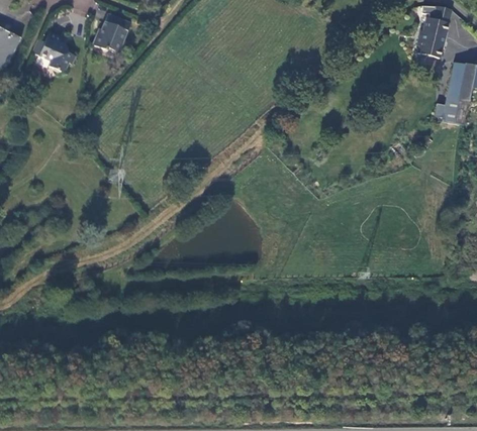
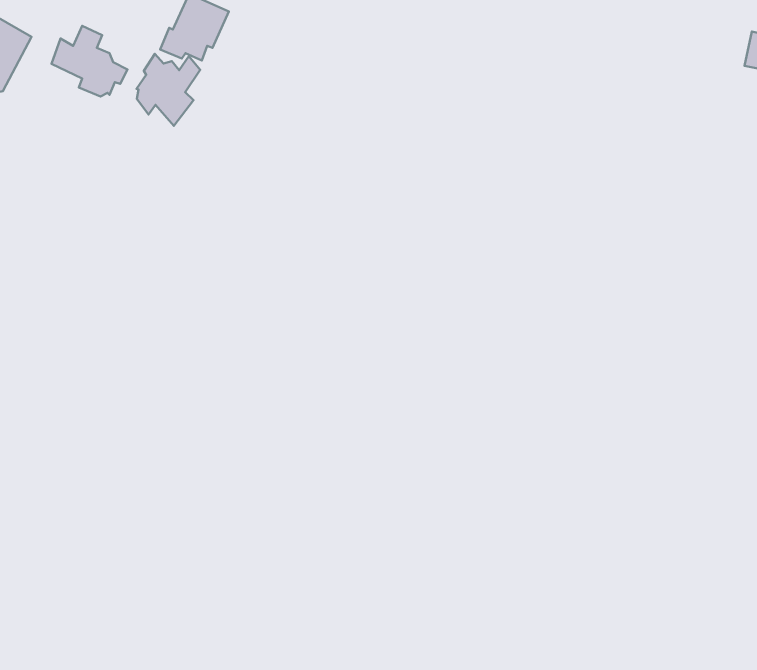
building: none -> [137,54,200,126]

